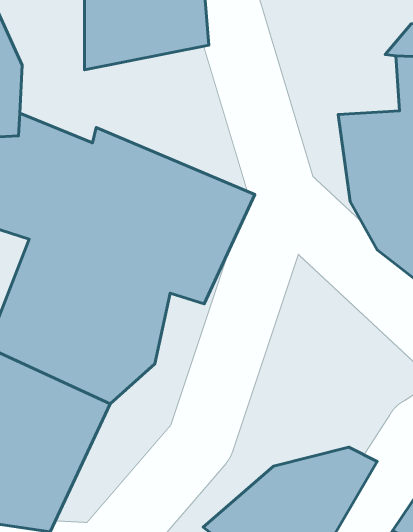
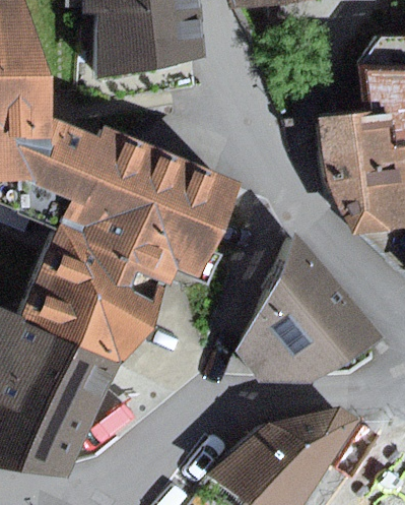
building: none -> [227,230,378,379]

